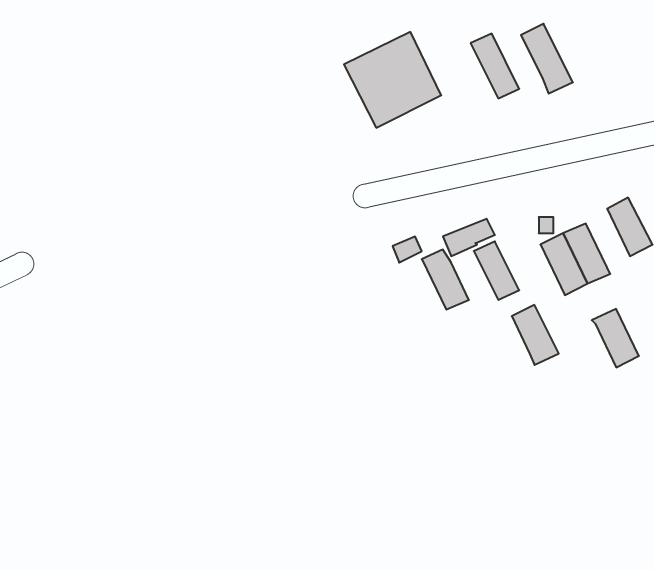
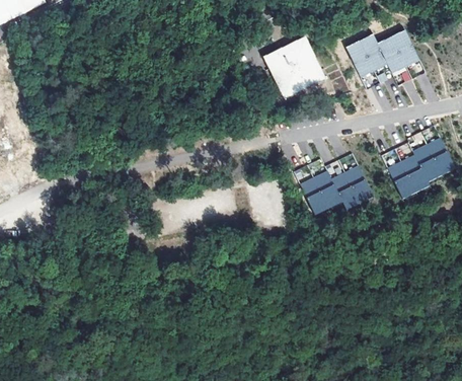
building: none -> [388,25,419,68]
building: none -> [356,30,387,72]
building: none -> [299,178,327,217]
building: [512,305,559,365] -> [330,173,360,211]
building: [592,309,639,367] -> [412,147,442,183]

